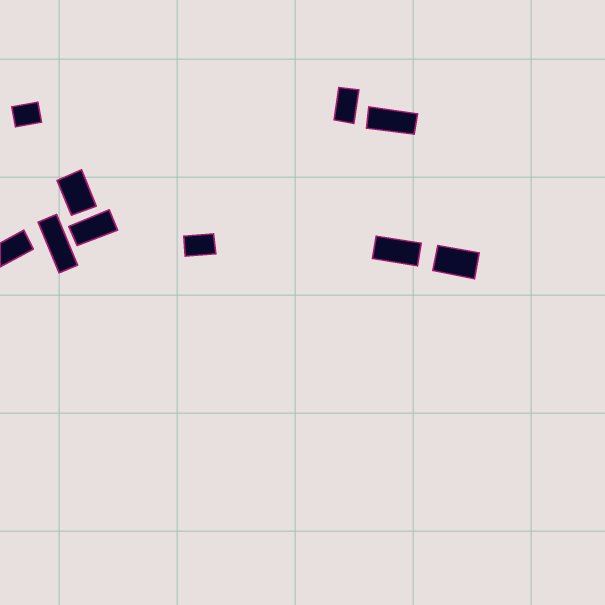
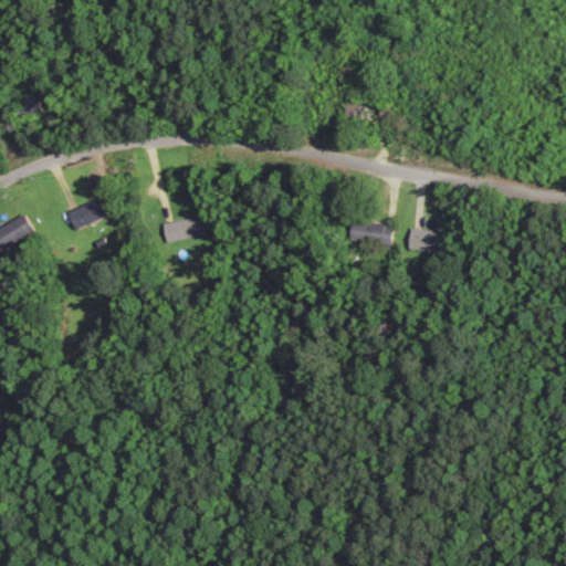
building: [334,87,359,124] -> none
building: [57,170,96,215] -> none
building: [38,215,77,273] -> none

